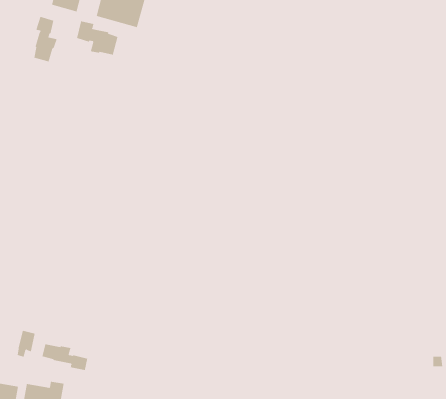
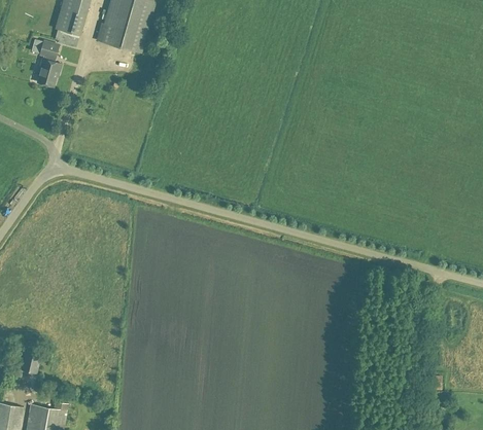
building: [76,21,118,55] -> none
building: [42,343,88,371] -> none

